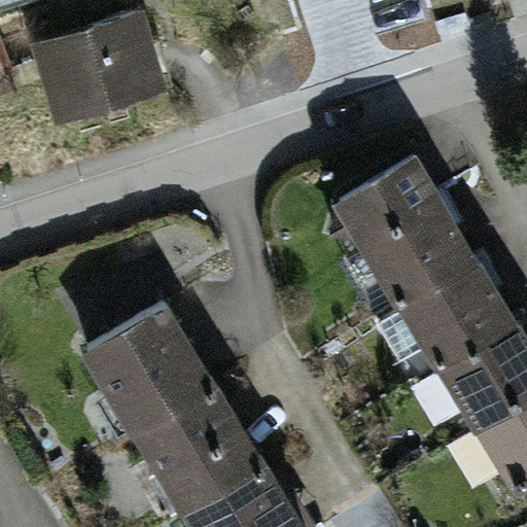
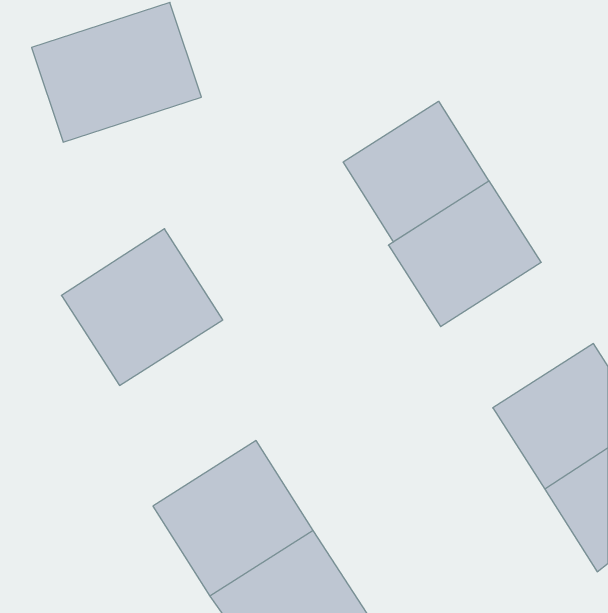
building: none -> [343,101,489,242]
building: [374,229,503,352] -> none
building: [80,303,217,435] -> [61,229,223,385]

